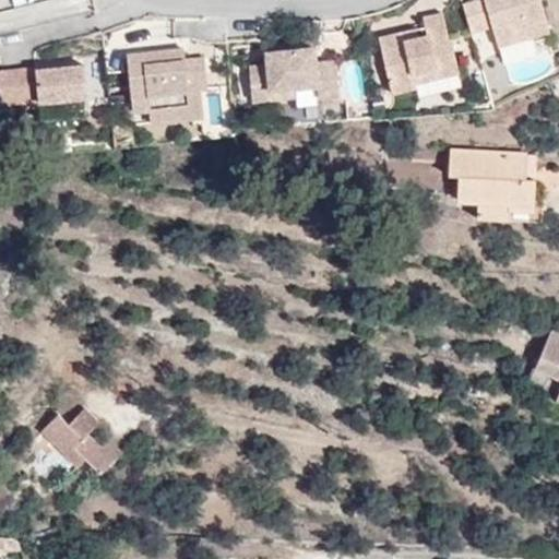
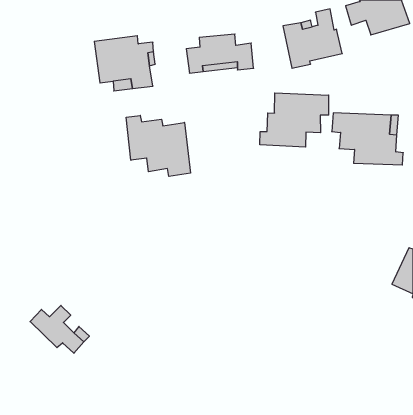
building: [19,64,86,100] -> none
building: none -> [260,93,329,147]
building: none -> [126,115,190,176]

